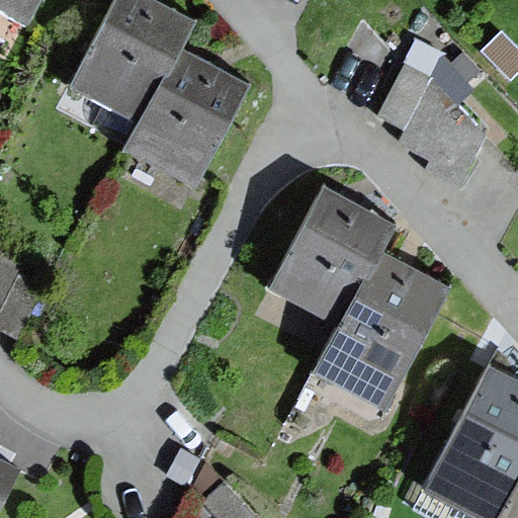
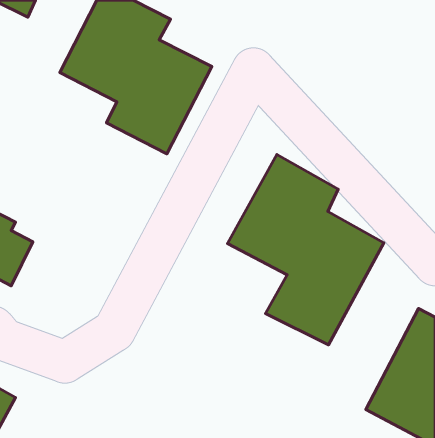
building: [367,61,491,169] -> none

